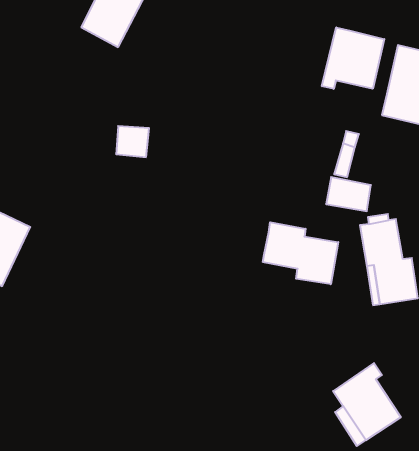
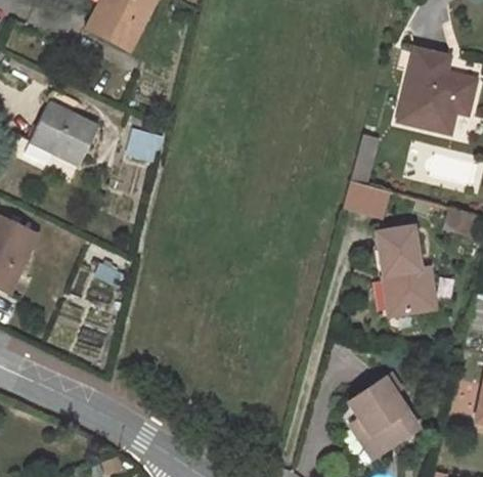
building: [322,27,384,89] -> none
building: none -> [25,103,96,164]
building: [263,222,338,284] -> none

